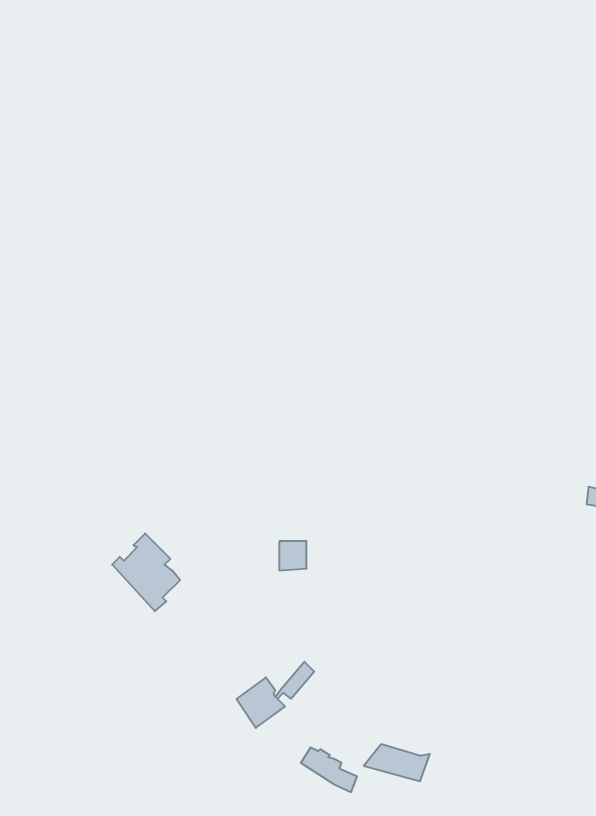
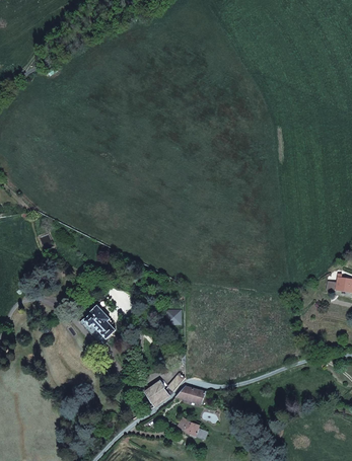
building: [364,744,430,781] -> [175,385,210,404]

